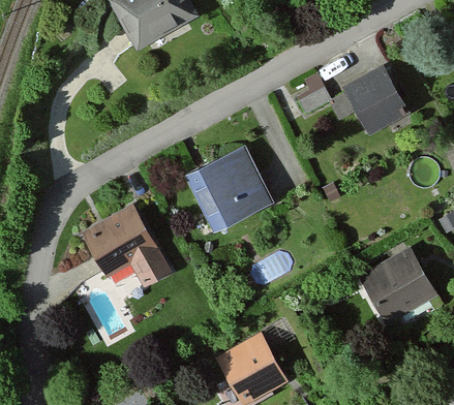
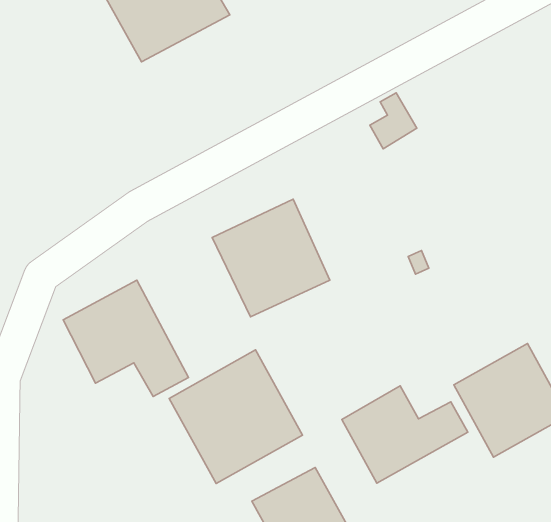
building: [335,67,402,133] -> none
building: none -> [169,350,303,484]
building: none -> [342,386,468,483]

